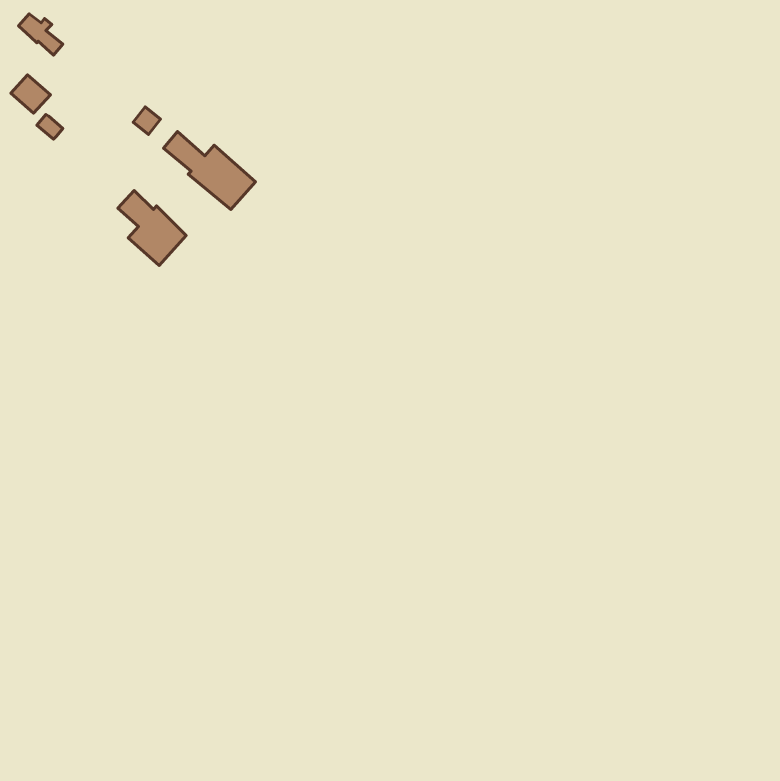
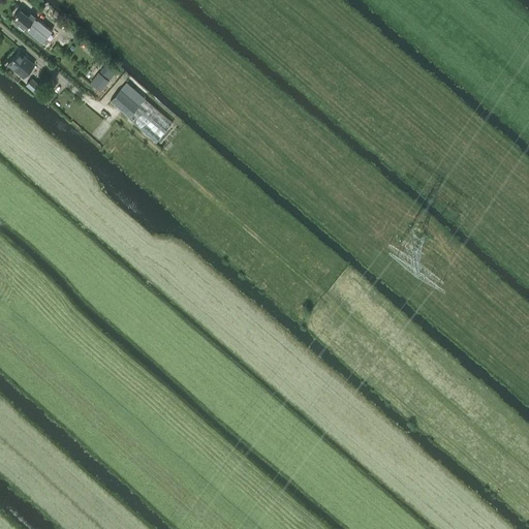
building: [118,191,186,266] -> none

